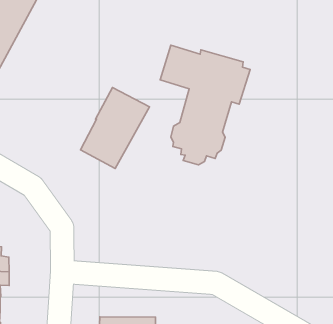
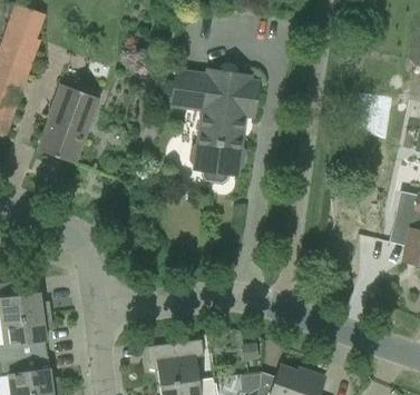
building: [81,88,149,169] -> [37,85,98,164]

